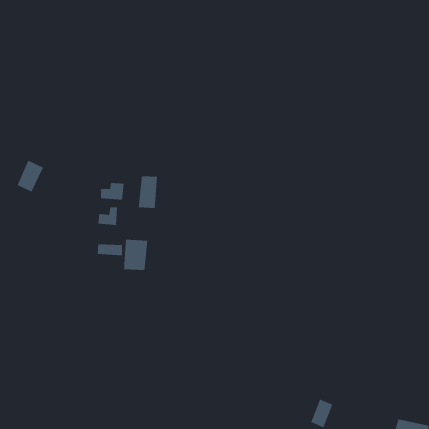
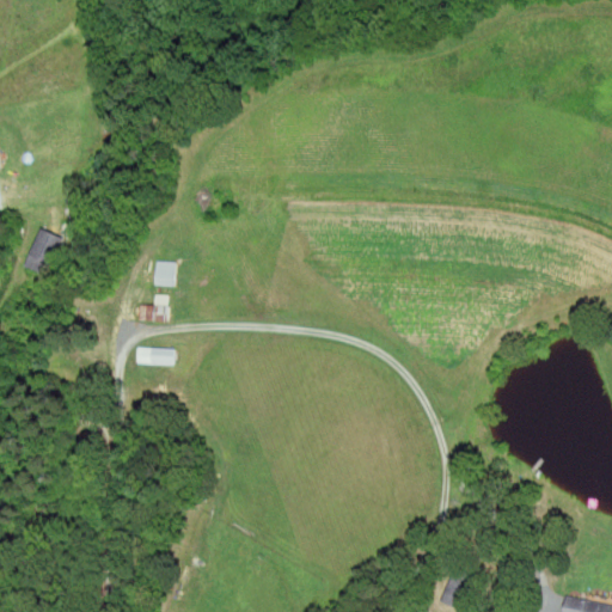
building: [138,175,158,209] -> none
building: [123,239,148,271] -> none

